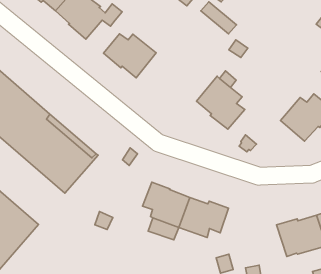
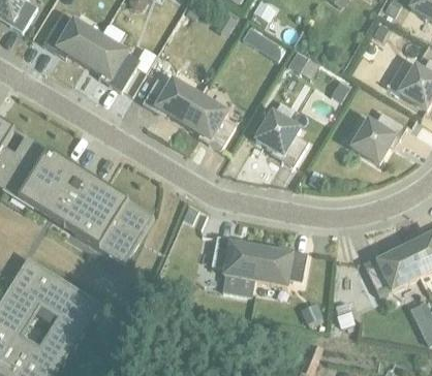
building: none -> [182,93,234,149]

